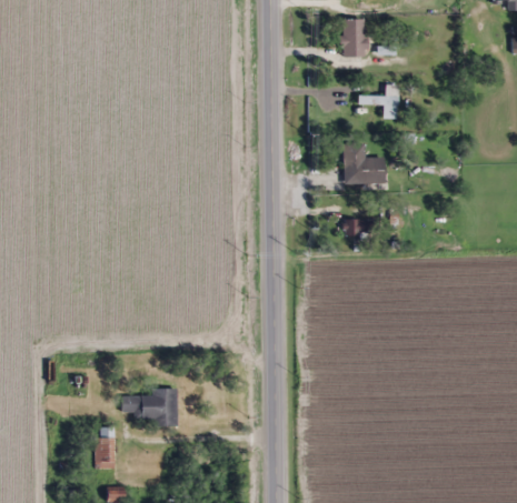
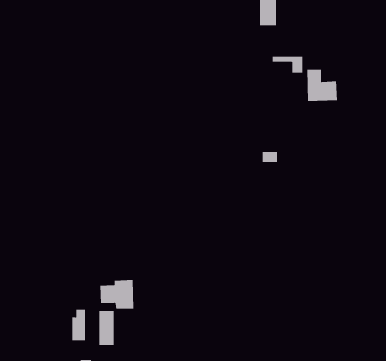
building: [344,141,385,183] -> [306,69,338,101]
building: none -> [99,310,114,346]

